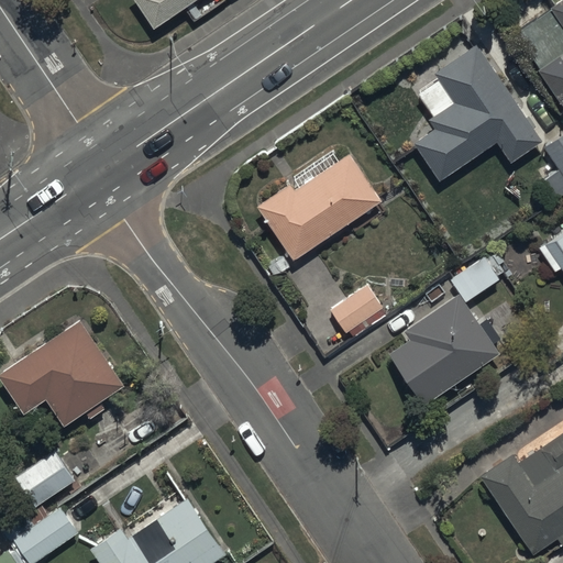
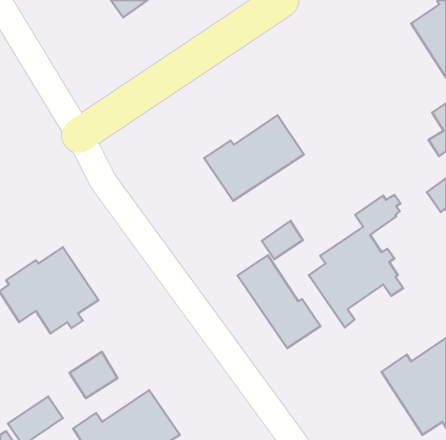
building: [415,45,543,183] -> none
building: none -> [238,255,320,348]
building: [14,450,75,508] -> [69,352,117,398]

